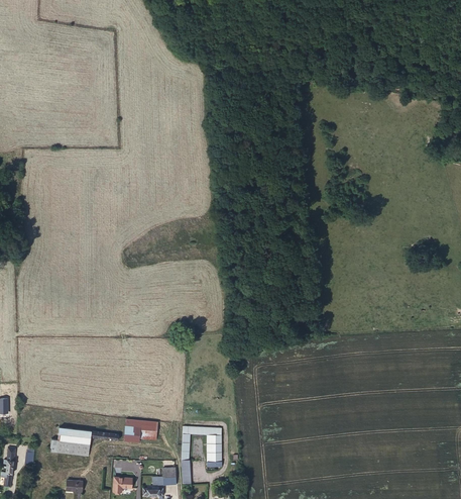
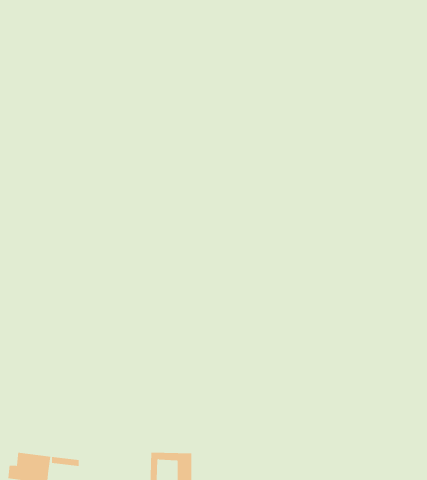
building: [124,419,155,439] -> none

